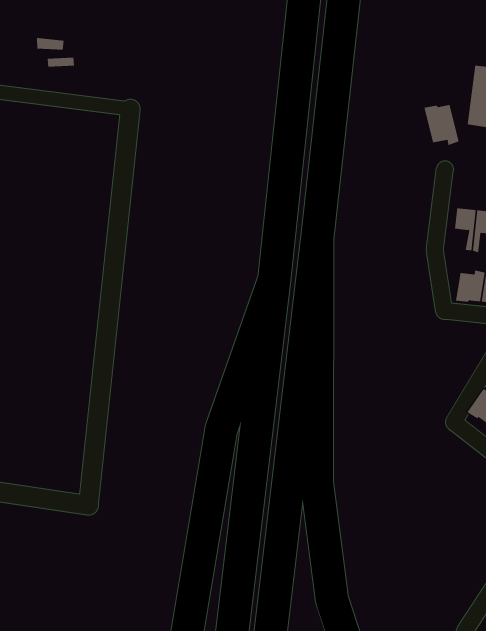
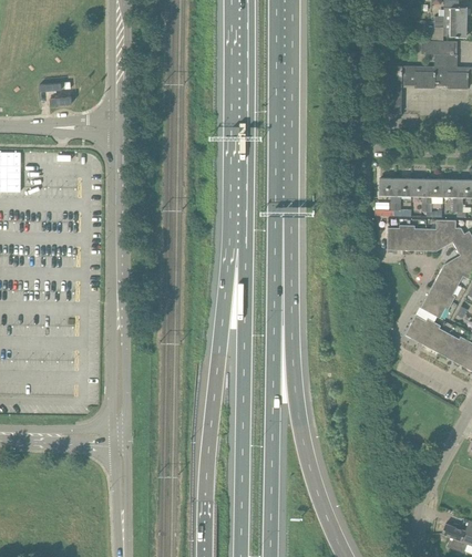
building: [424,104,459,146] -> none

